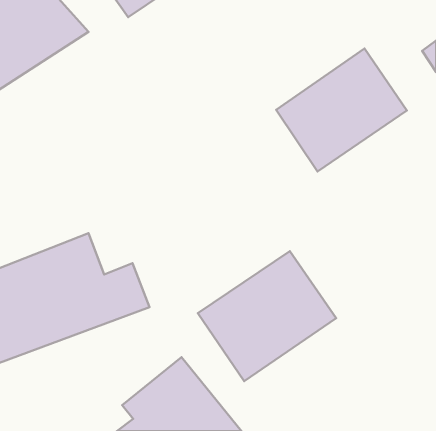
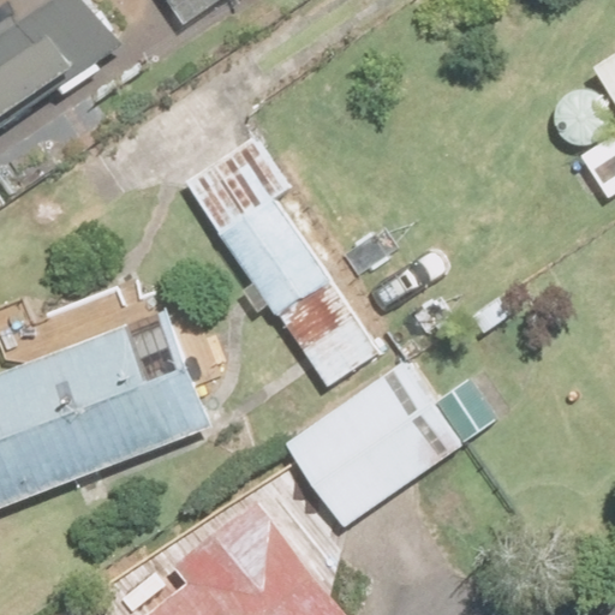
building: [276,49,407,172] -> none
building: none -> [181,131,378,387]

